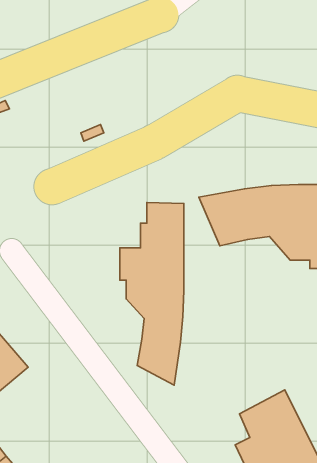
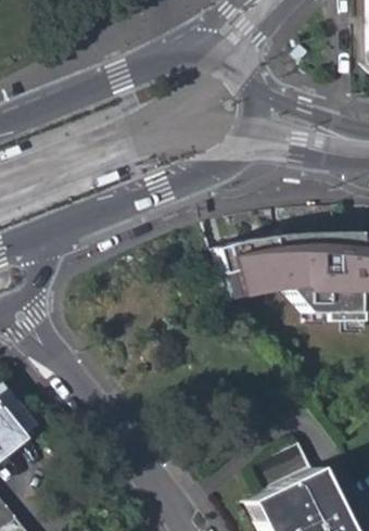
building: [120,202,184,385] -> none

